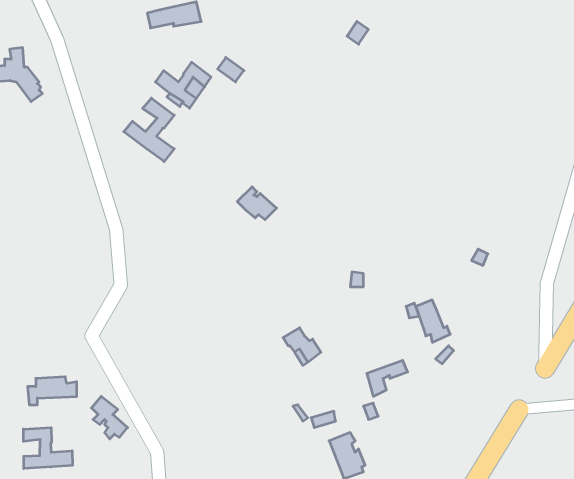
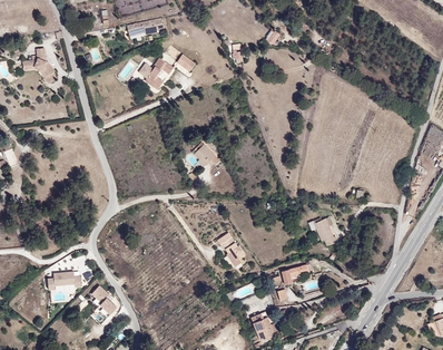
building: [124,98,174,162] -> none
building: [23,428,72,469] -> none

